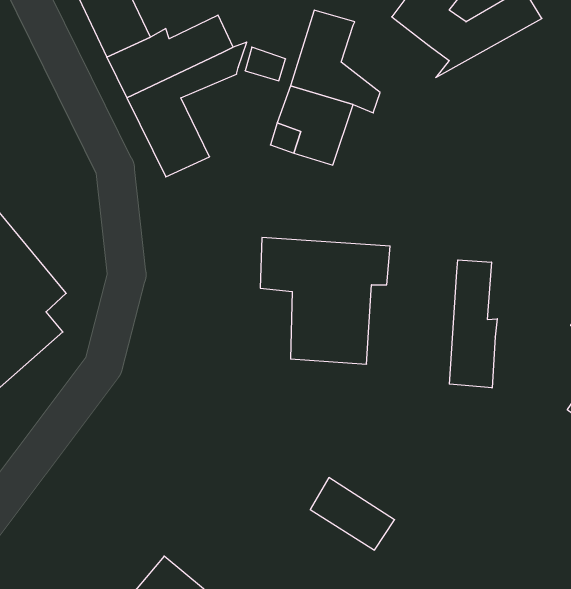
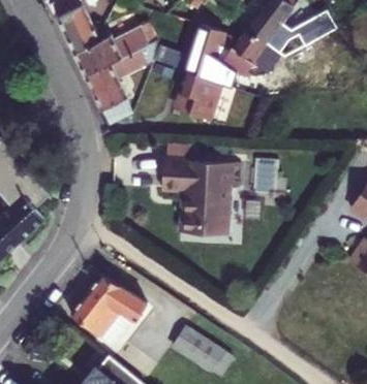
building: none -> [215,26,281,76]
building: [449,260,497,388] -> none
building: none -> [68,276,143,345]
building: [310,478,395,550] -> [169,325,220,370]

